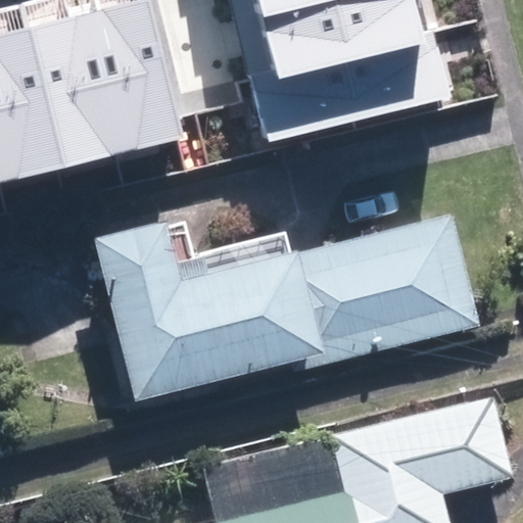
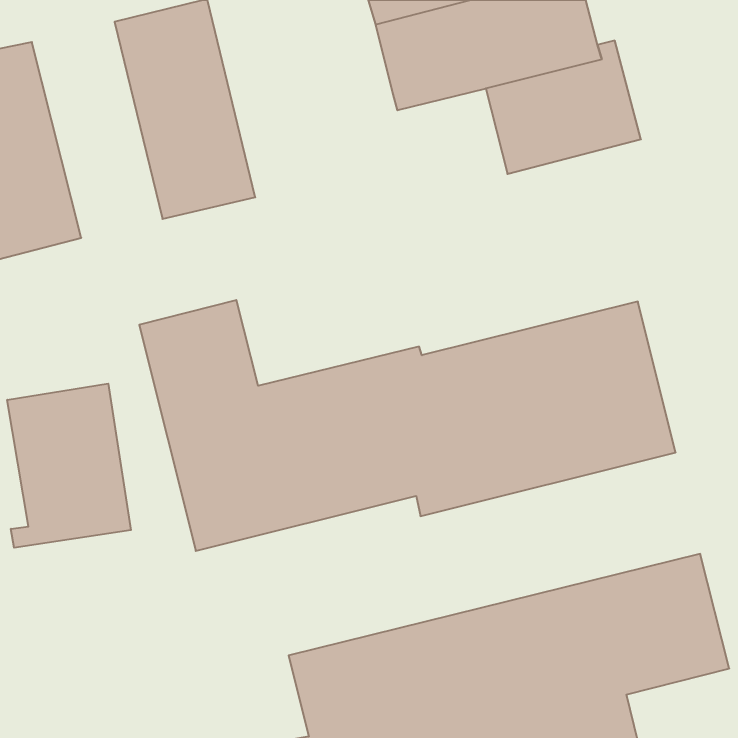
building: [22,17,114,170] -> none
building: [246,64,358,148] -> none
building: none -> [7,384,131,548]

